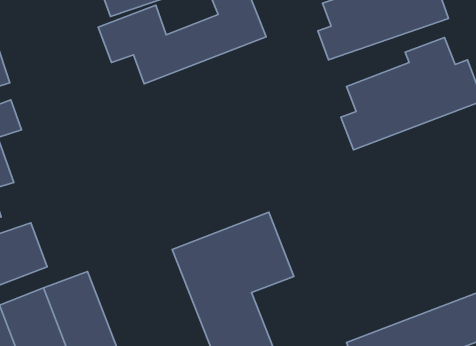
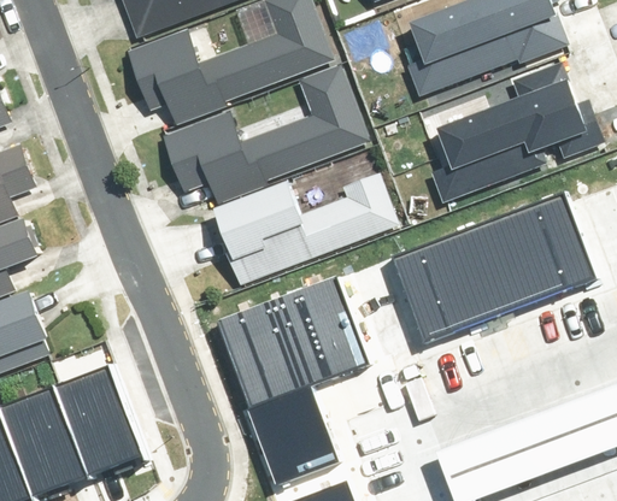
building: none -> [158,69,370,205]
building: none -> [215,178,406,295]
building: none -> [375,194,587,340]

